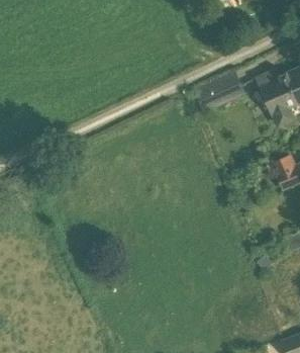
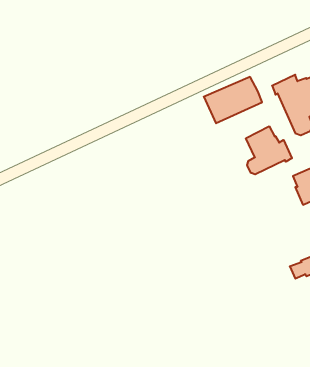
building: none -> [246,126,292,174]

